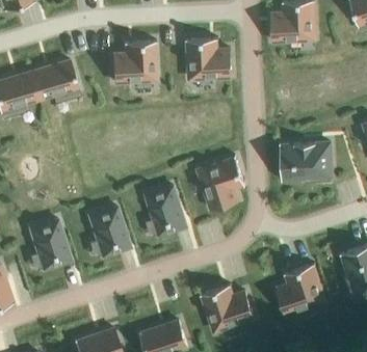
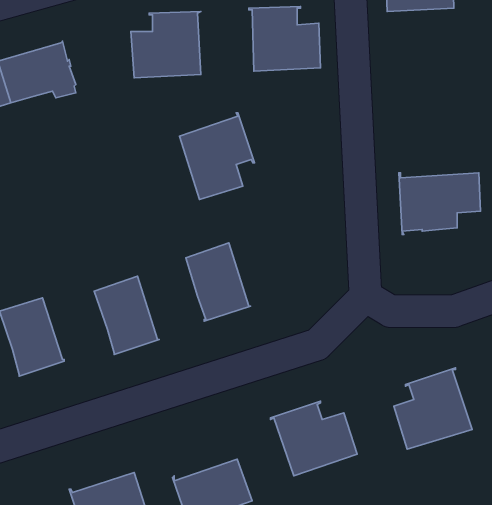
building: [199,155,245,209] -> [180,113,255,199]

